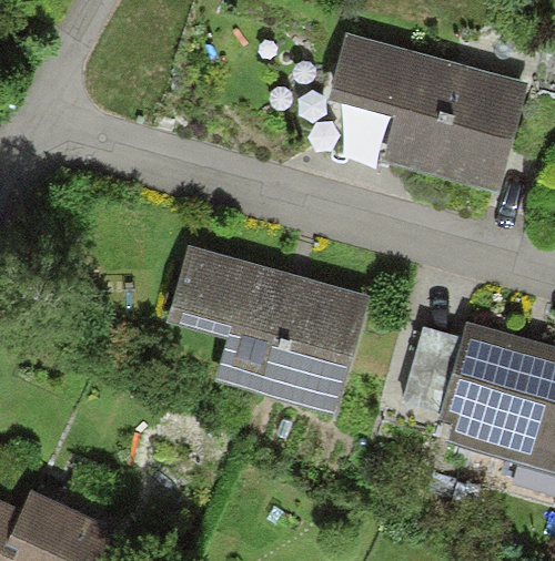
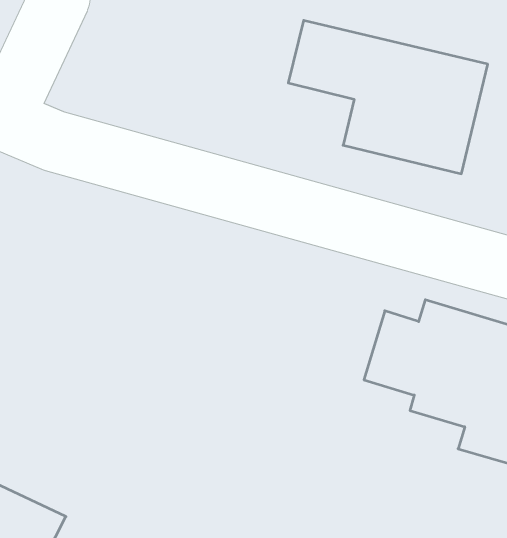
building: [167,243,373,412] -> none

